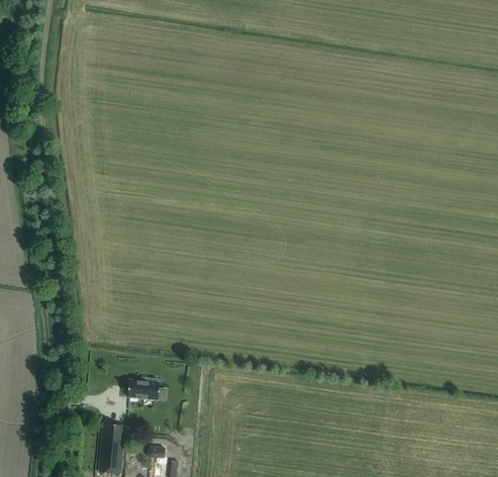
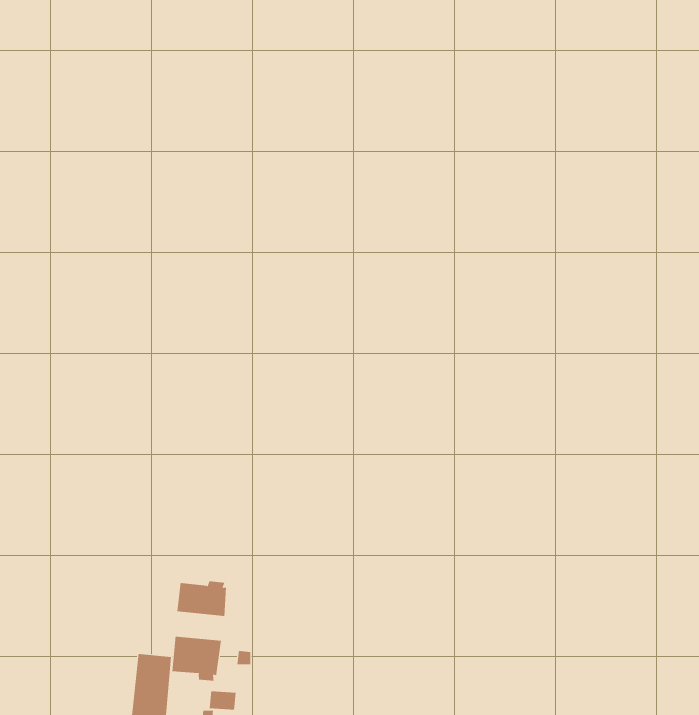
building: none -> [172,636,221,682]

